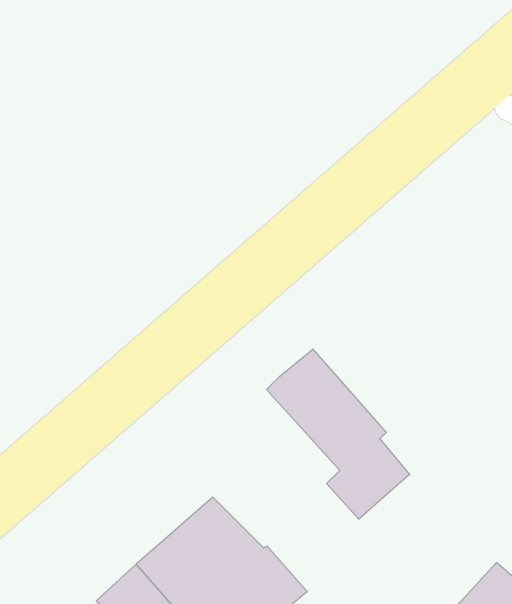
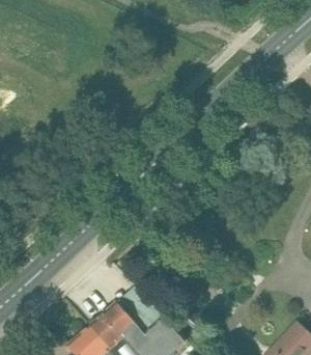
building: [266,349,410,519] -> none

